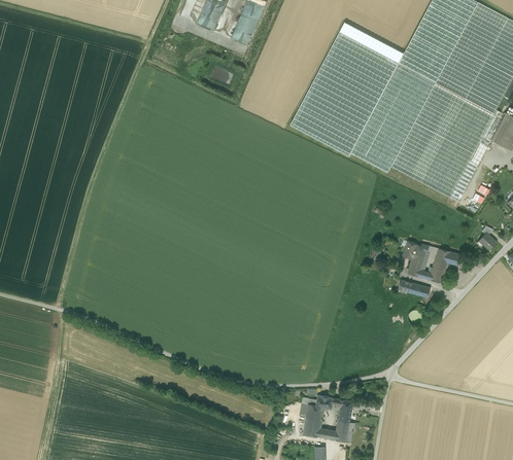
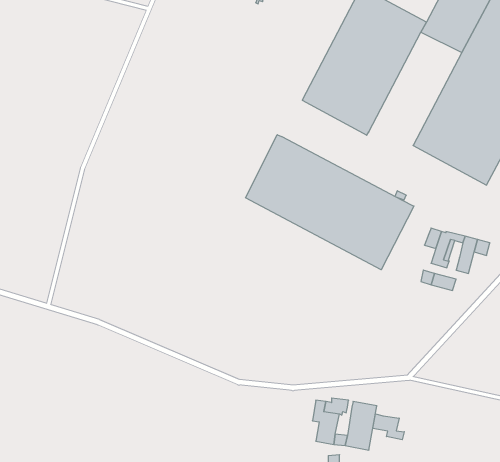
building: [350,63,435,172] -> none
building: none -> [246,135,414,270]
building: none -> [373,414,404,440]

